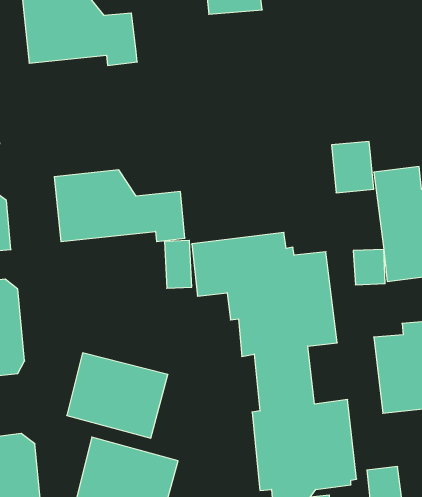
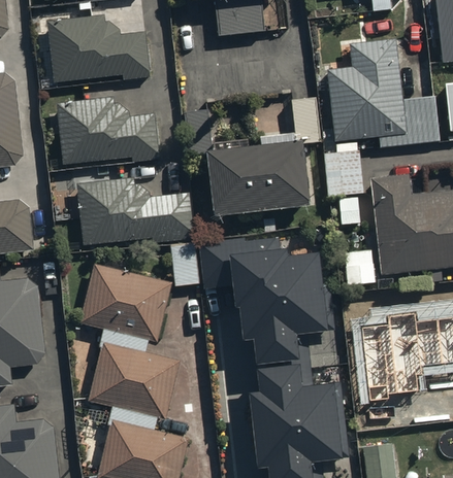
building: none -> [322,38,402,144]
building: none -> [52,98,158,162]
building: none -> [206,137,305,211]
building: none -> [78,262,172,342]

